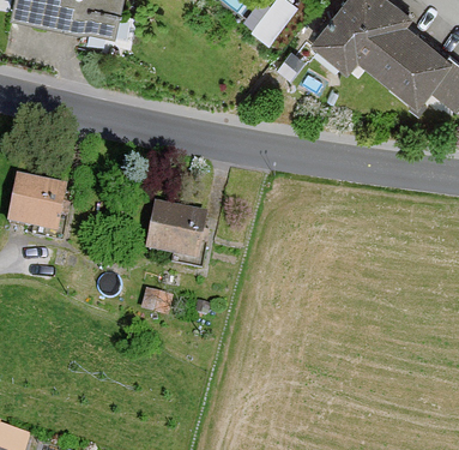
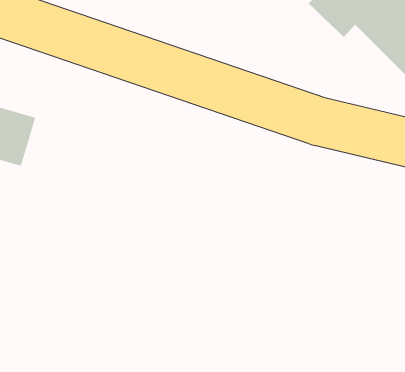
building: [149,209,204,262] -> none

